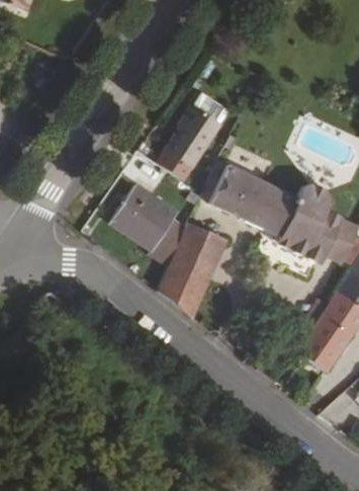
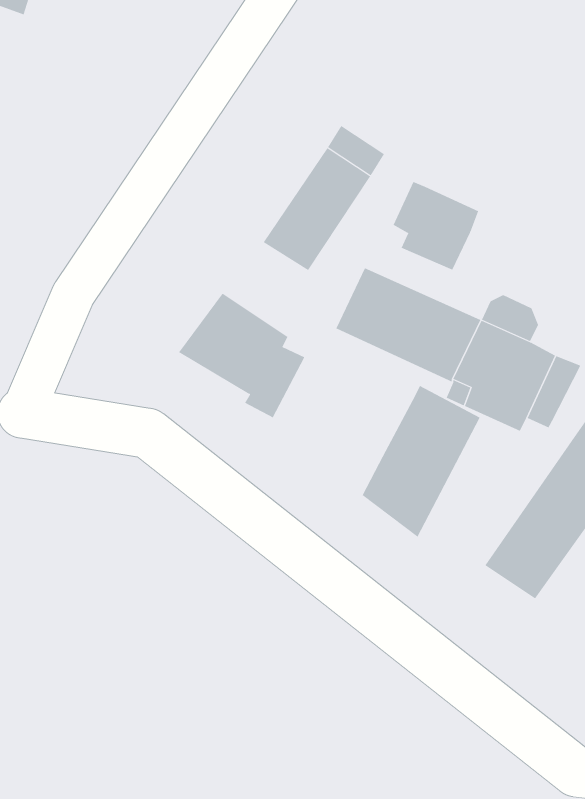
building: none -> [393,181,479,271]
building: [157,218,228,309] -> [362,385,480,538]

